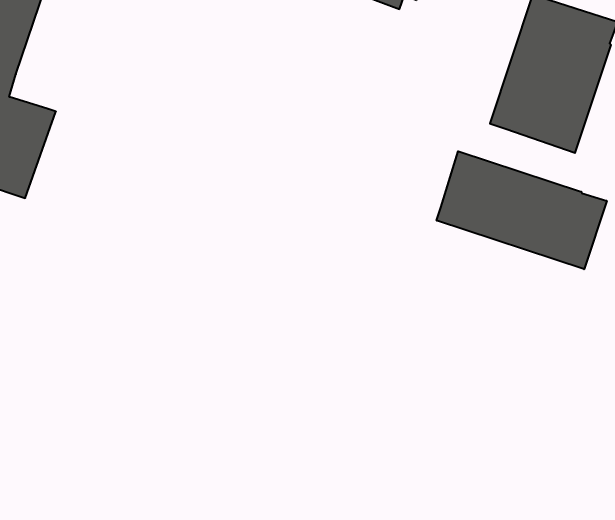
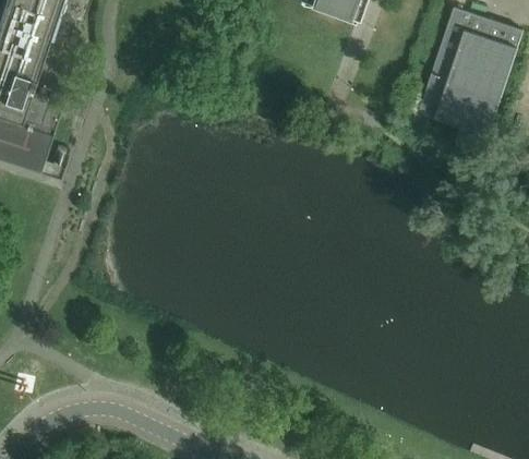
building: [437,151,607,269] -> none

